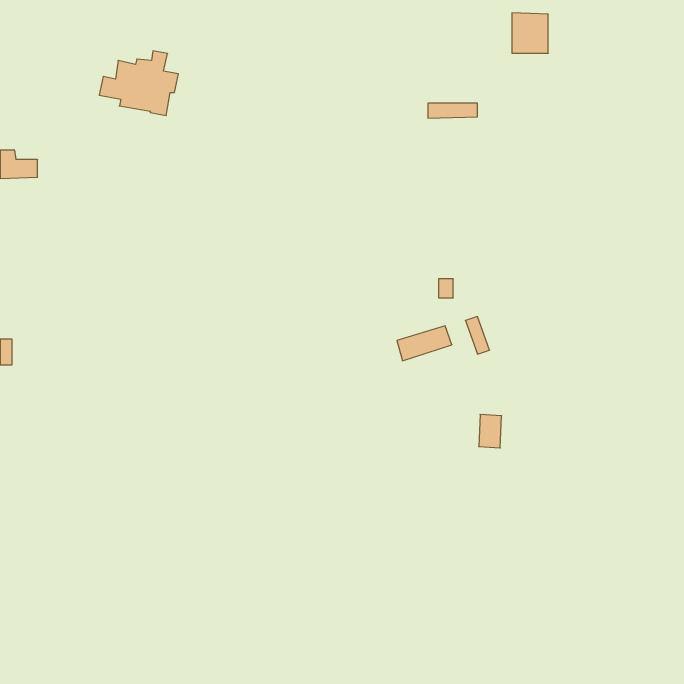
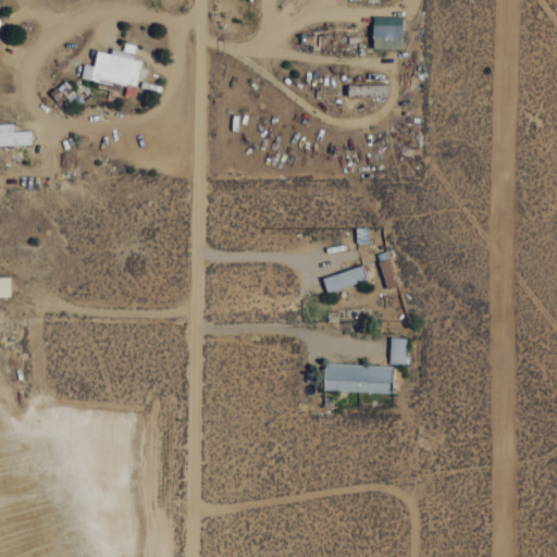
building: [512,13,548,53] -> [373,16,403,49]
building: none -> [324,363,394,393]

